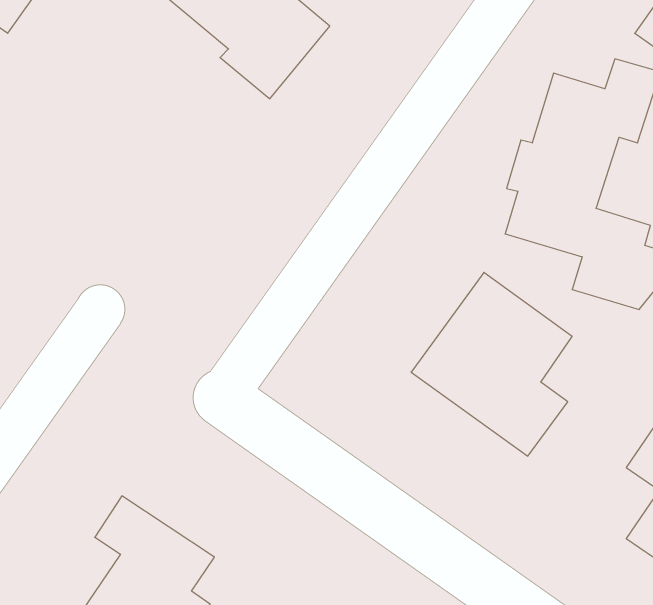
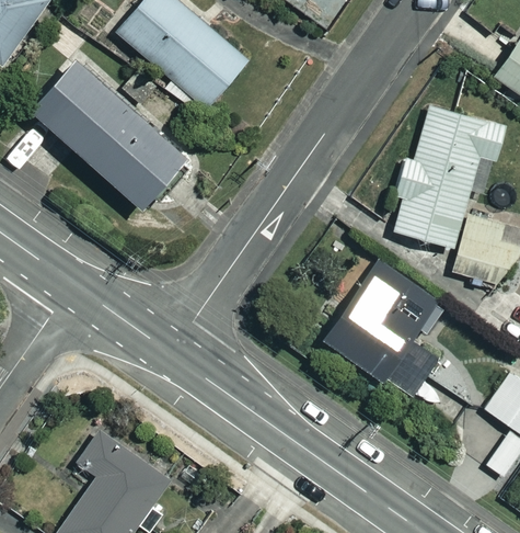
building: none -> [32,69,190,219]

